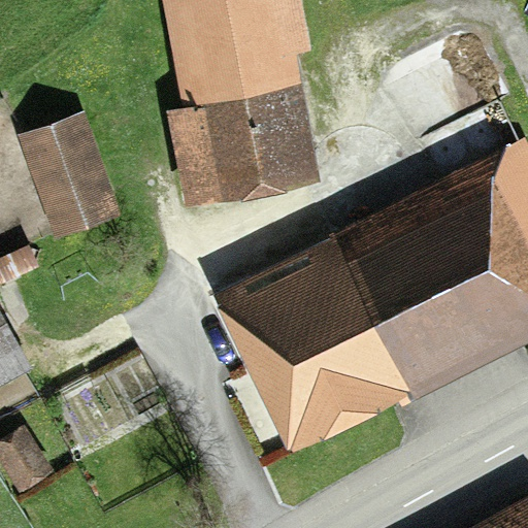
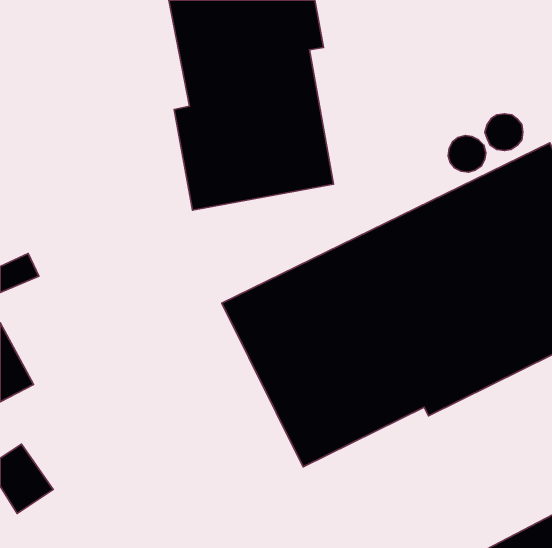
building: [18,112,121,238] -> none

